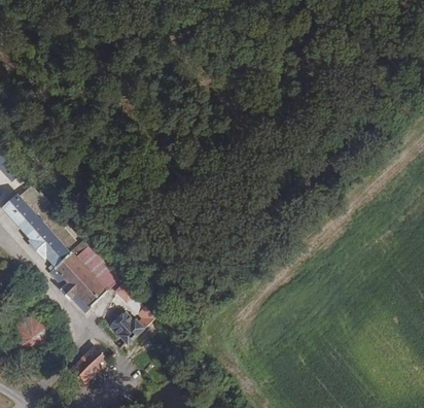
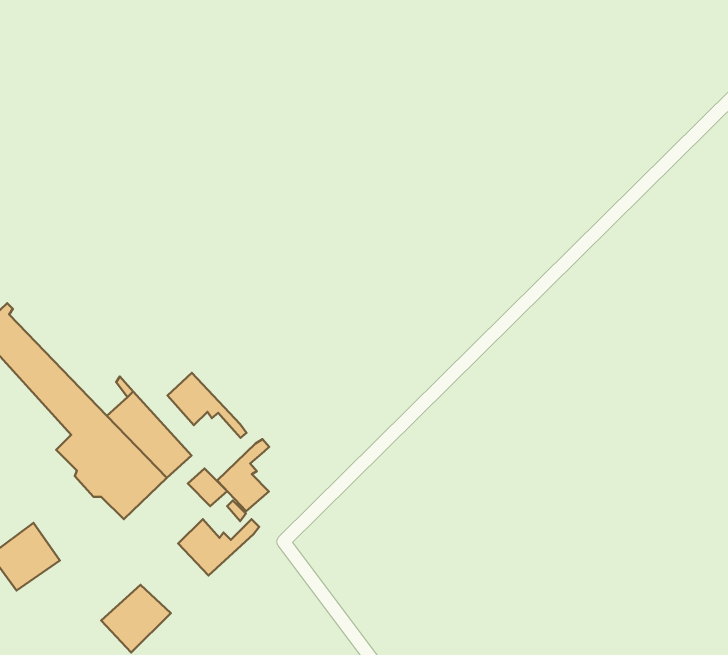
building: none -> [167,373,247,438]
building: none -> [217,439,269,511]

